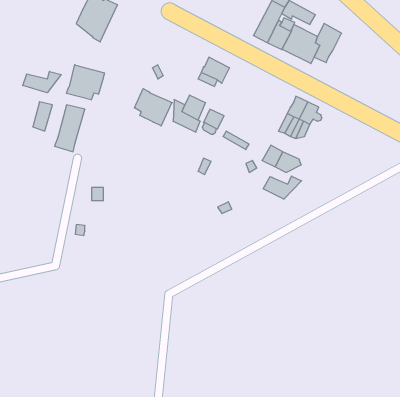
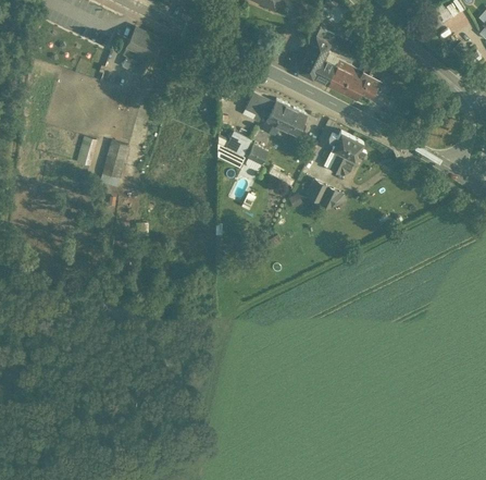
building: none -> [266,99,308,135]
building: [67,65,105,100] -> none
building: [23,71,61,93] -> none
building: [134,89,172,126] -> none
building: [263,176,302,199] -> none

